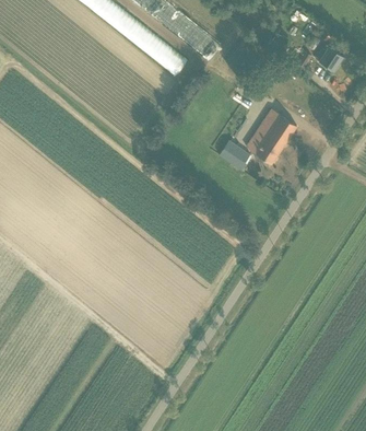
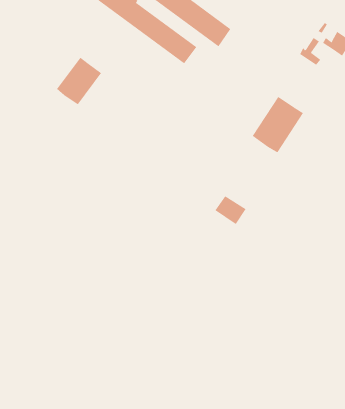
building: none -> [56,57,102,105]
building: [220,141,250,170] -> [215,195,246,225]

